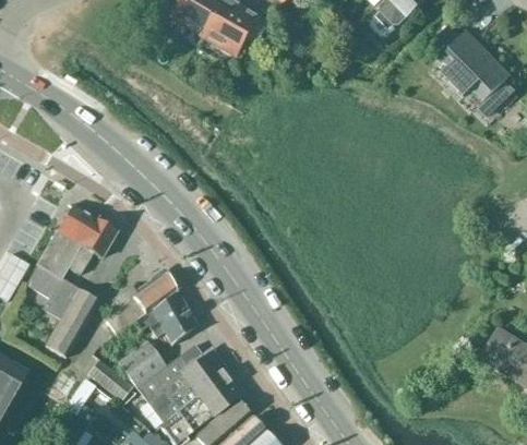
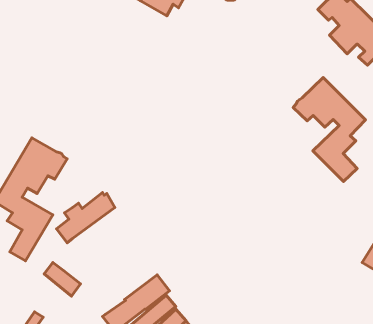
building: none -> [293,77,366,182]
building: [136,292,196,345] -> none
building: [119,340,228,423] -> none

